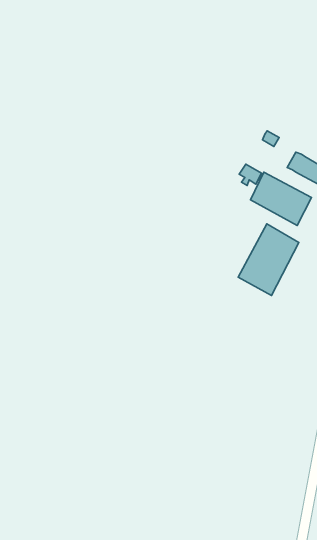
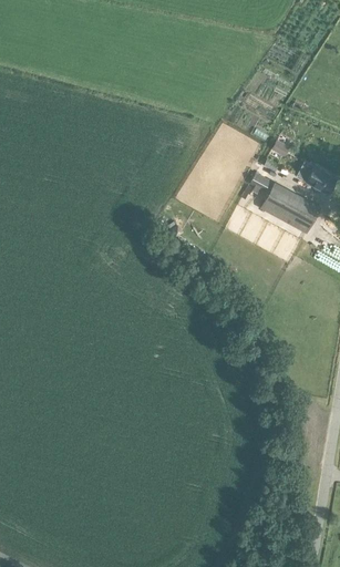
building: [238,224,299,295] -> none

